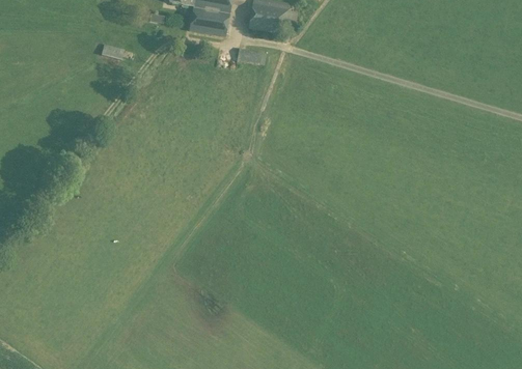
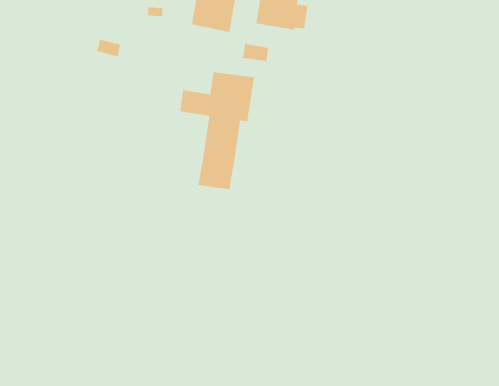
building: none -> [180,72,255,190]

